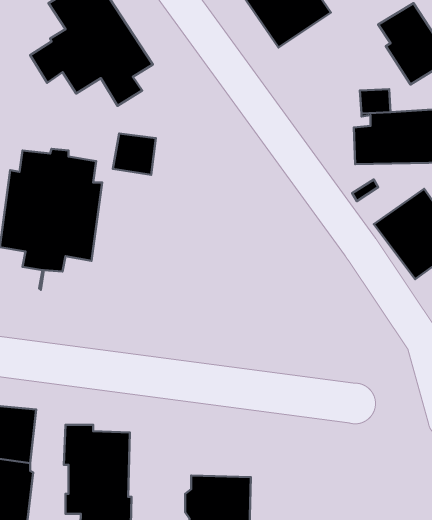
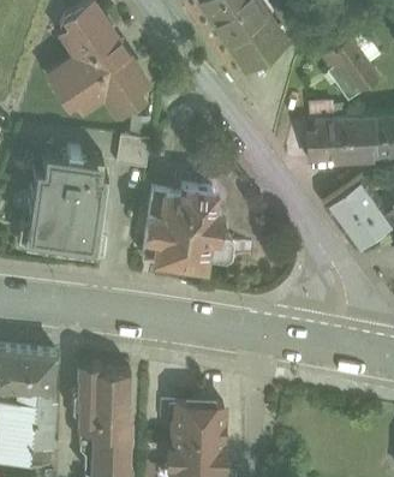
building: none -> [145,184,244,270]

